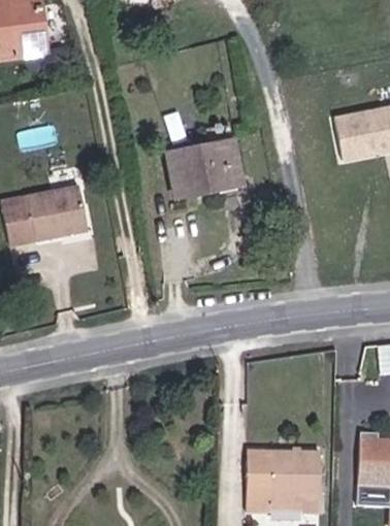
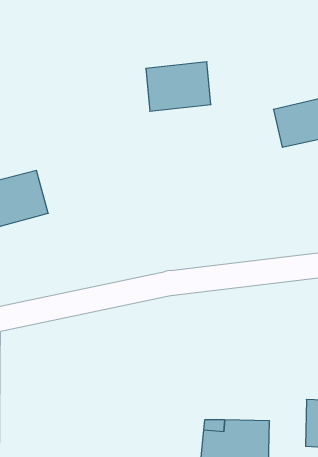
building: [171,146,240,199] -> [146,62,211,111]

